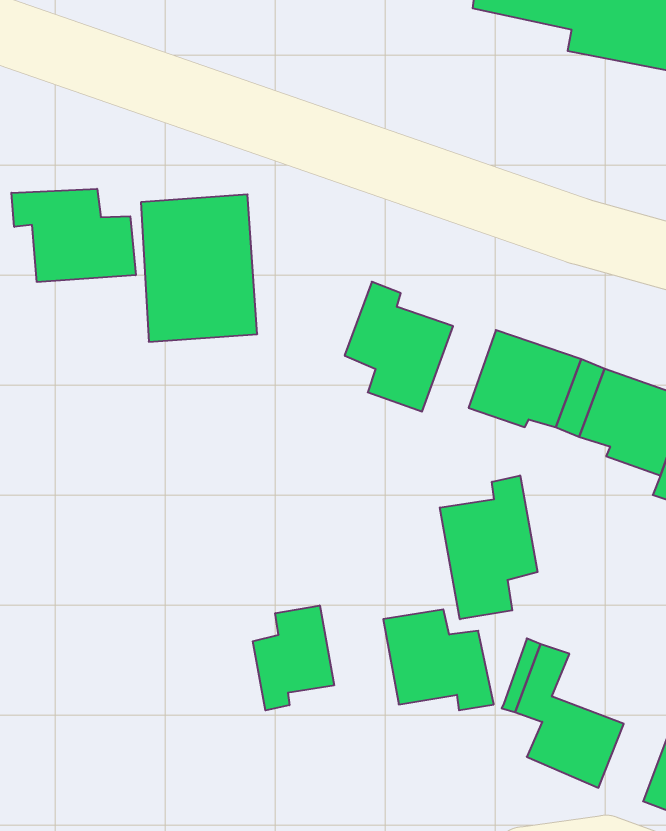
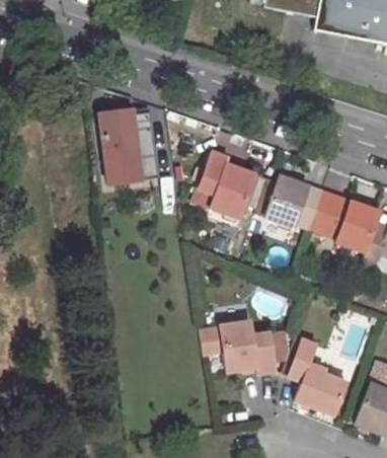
building: [11,189,136,282] -> none
building: [440,475,538,619] -> none
building: [253,605,334,710] -> none

